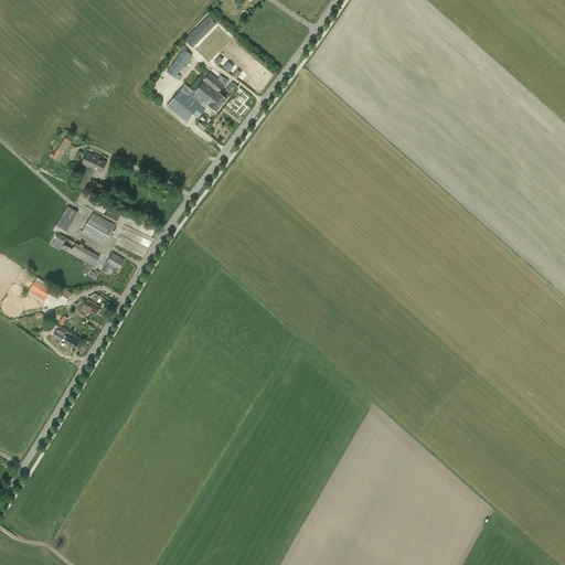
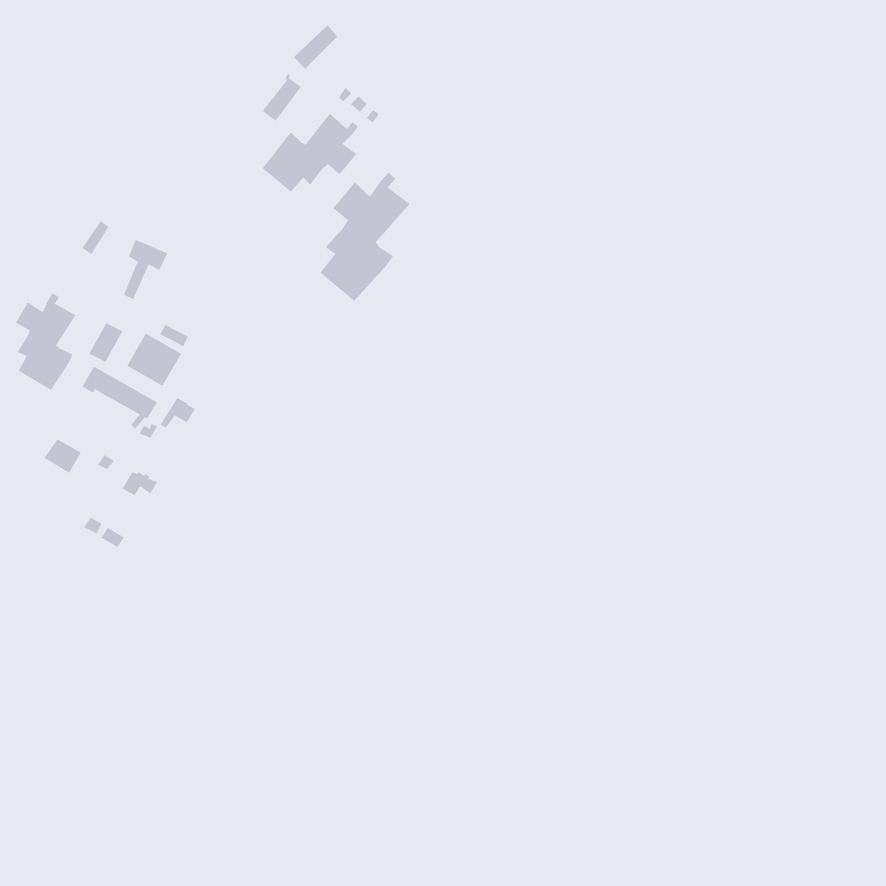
building: none -> [320,172,410,302]
building: none -> [15,292,76,391]

